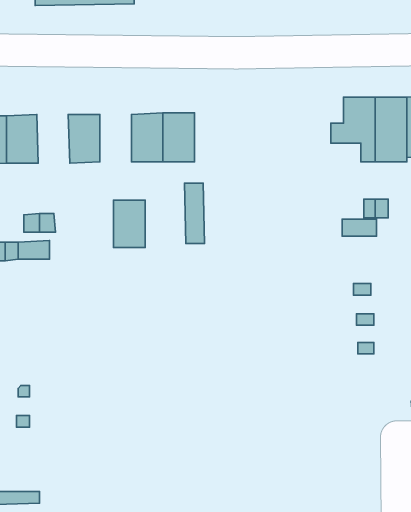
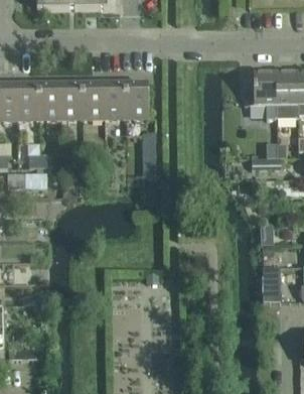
building: none -> [38,84,61,118]
building: [113,200,145,248] -> [83,84,105,117]
building: none -> [263,266,280,299]

